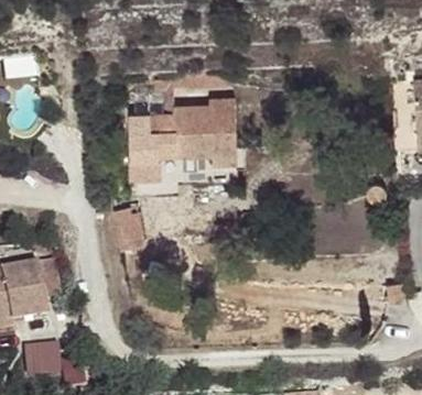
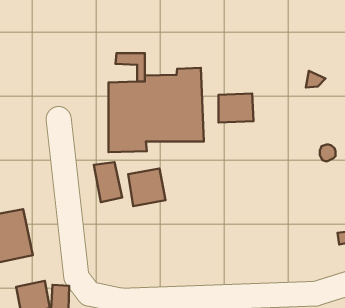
building: none -> [218,94,254,122]
building: none -> [128,168,166,206]

